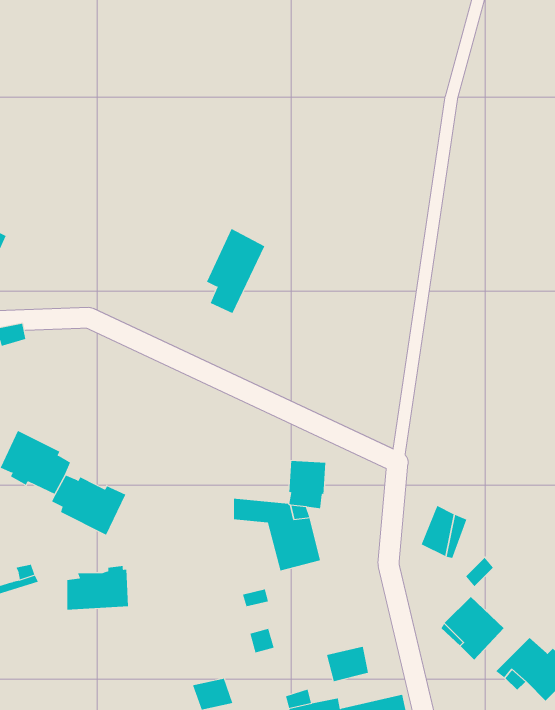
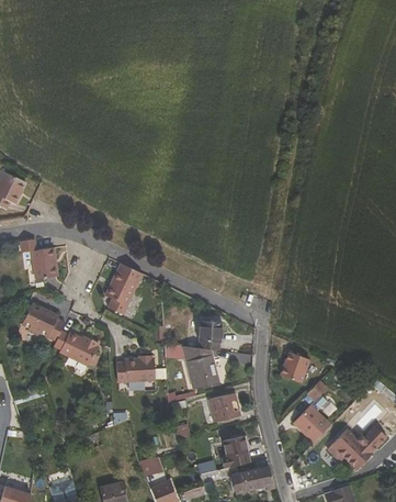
building: [206,228,265,314] -> [106,263,143,315]
building: none -> [31,247,58,279]
building: [67,566,129,610] -> [117,355,156,382]
building: none -> [208,393,240,423]

